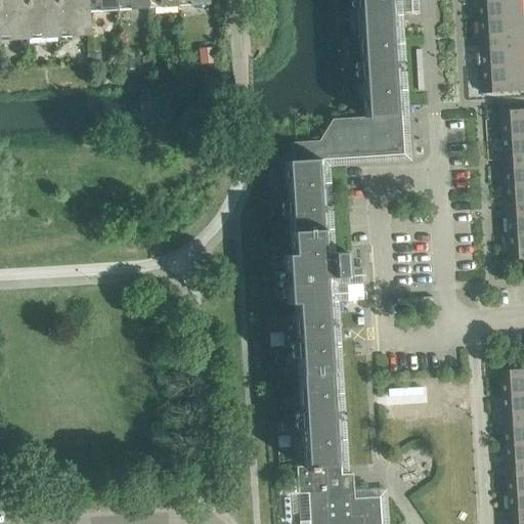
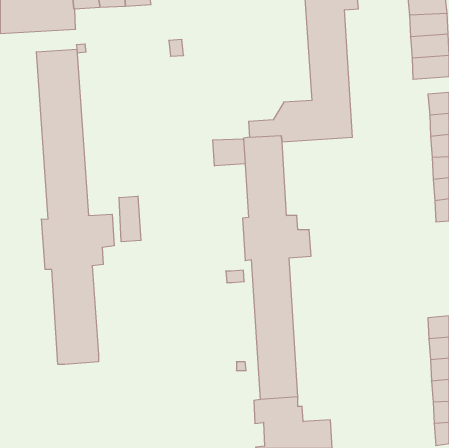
building: none -> [36,49,114,364]
building: none -> [213,139,245,166]
building: none -> [119,196,141,242]

